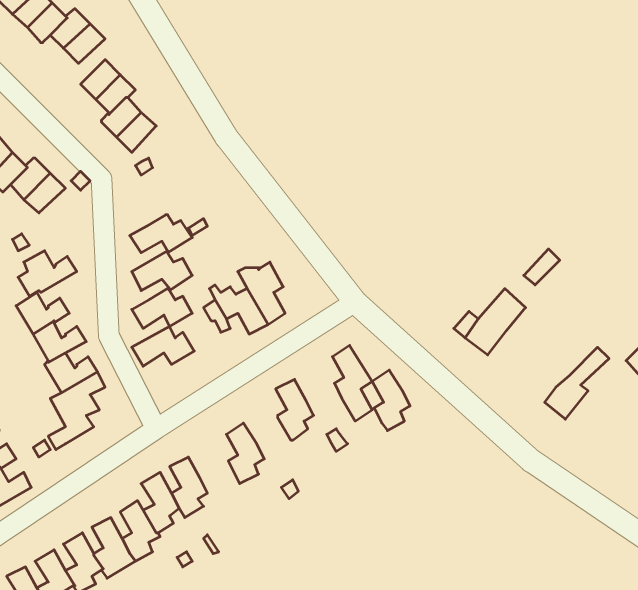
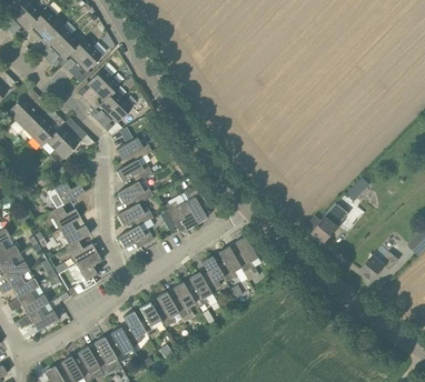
building: none -> [116,137,151,160]
building: [372,370,410,431] -> [218,245,240,281]
building: none -> [189,271,212,308]
building: none -> [156,291,178,326]

